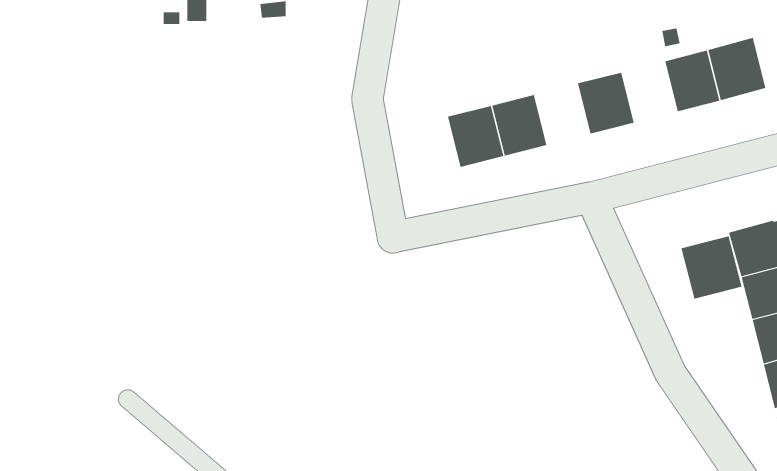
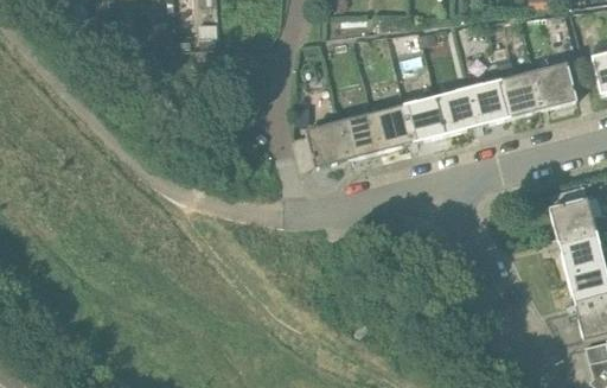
building: none -> [469,79,511,126]
building: none -> [404,96,446,142]
building: none -> [307,121,349,167]
building: [681,236,742,299] -> none

